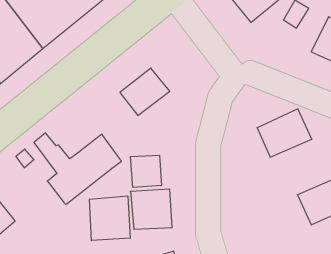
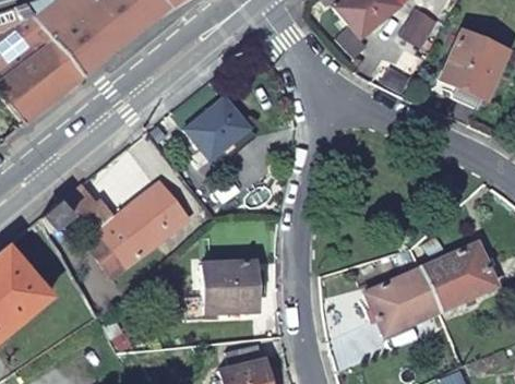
building: [257,109,312,157] -> [369,266,442,331]
building: [130,155,161,187] -> none
building: [89,196,130,241] -> none

